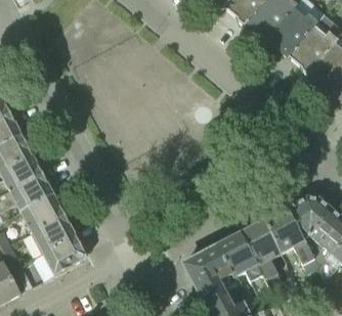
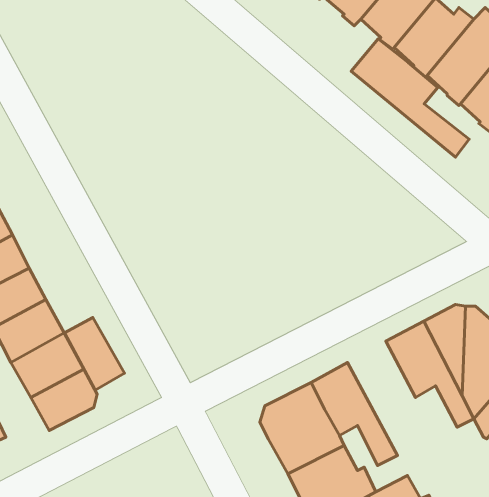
building: none -> [351,39,469,157]
building: none -> [64,318,124,390]
building: [240,219,283,292] -> none

